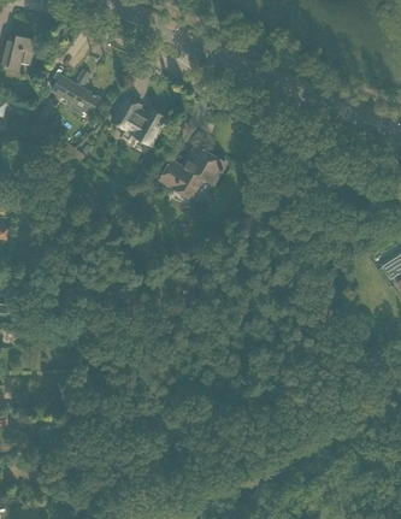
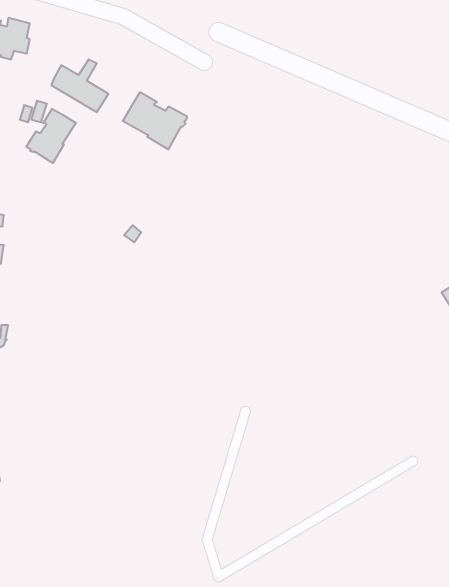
building: none -> [26,109,76,163]
building: [159,147,224,200] -> none

